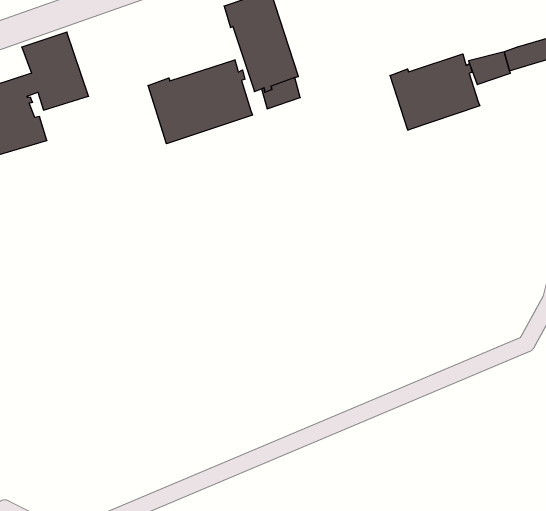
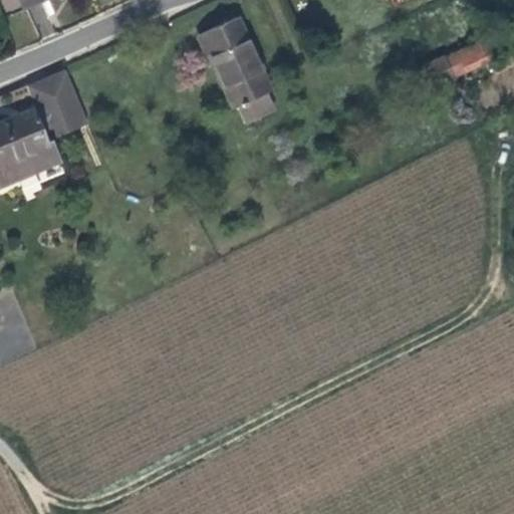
building: [390,54,480,130] -> none
building: [148,60,253,144] -> none

